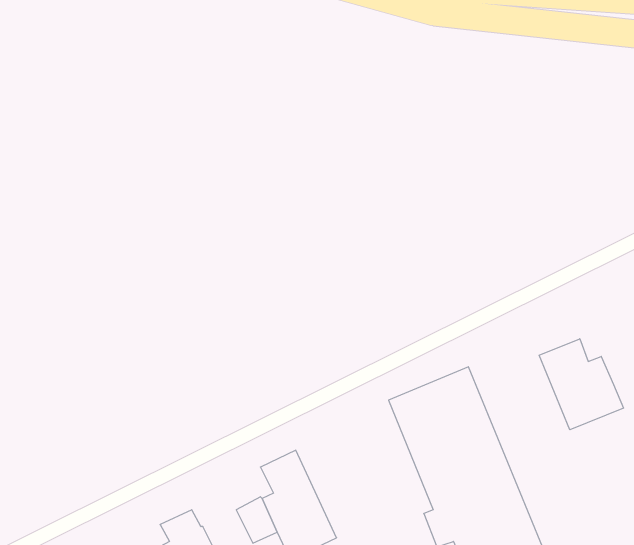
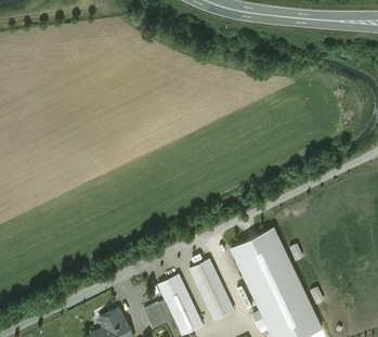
building: [539,339,623,430] -> none
building: none -> [190,260,233,320]

